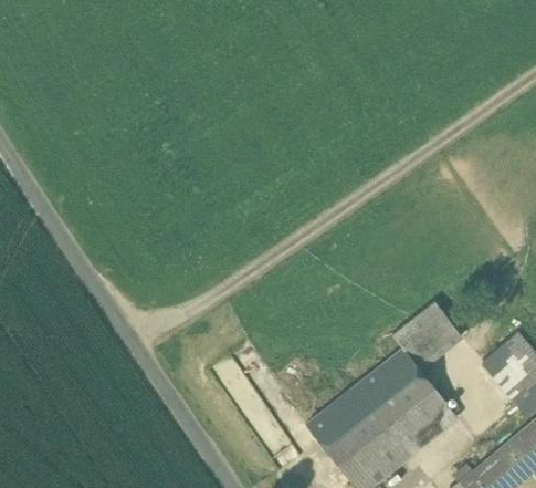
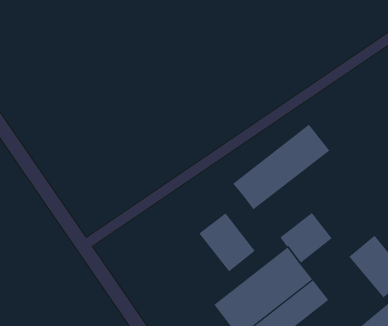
building: none -> [232,124,330,210]
building: none -> [199,212,255,272]

